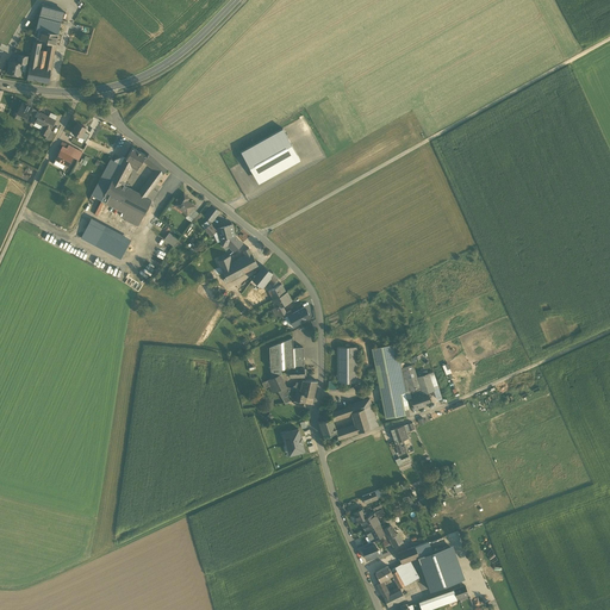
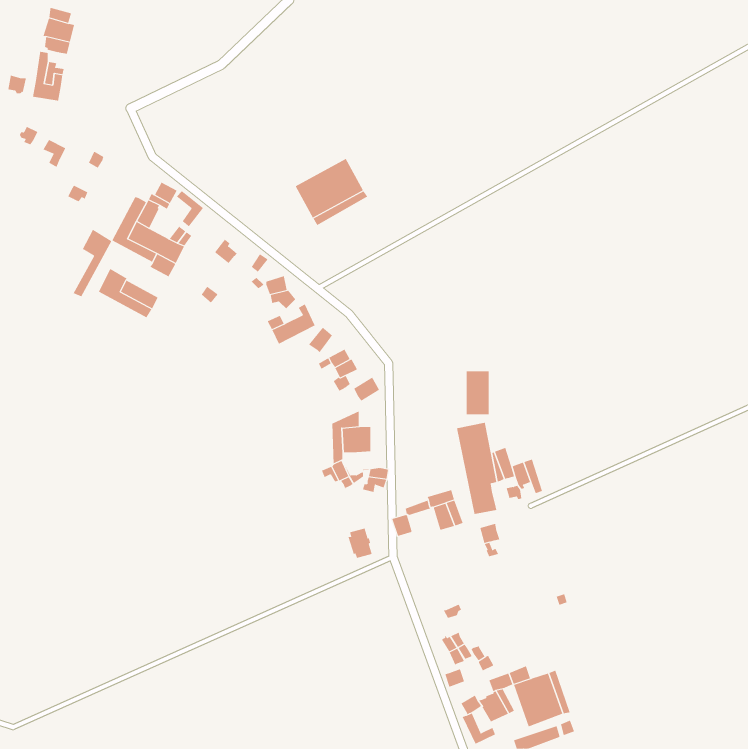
building: none -> [73,229,112,297]
building: [337,347,356,382] -> [466,371,489,415]

